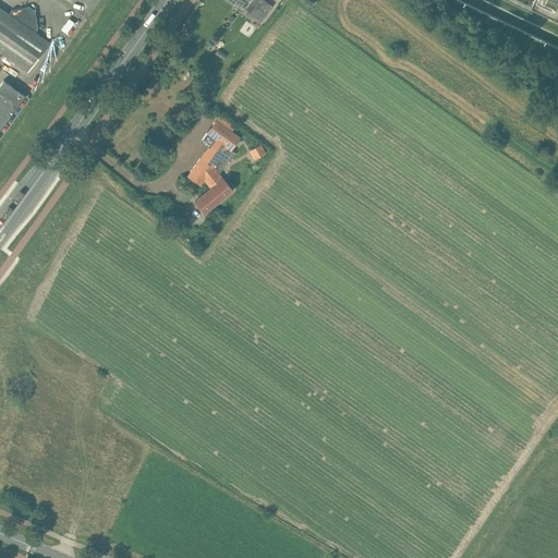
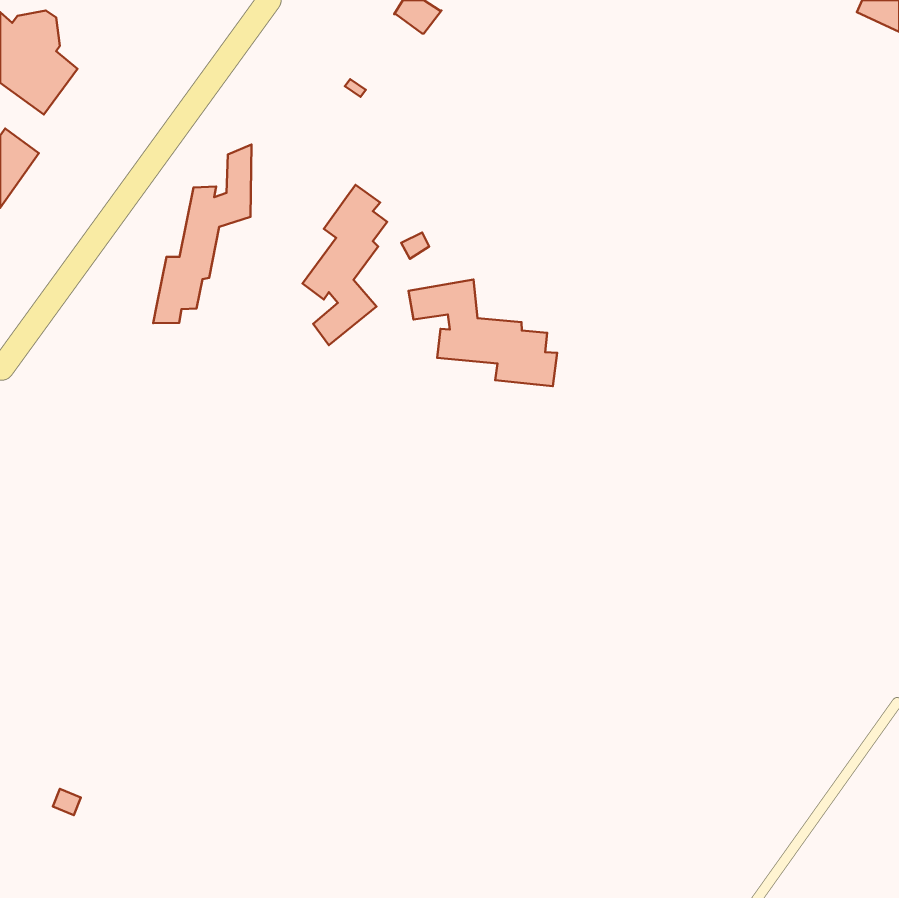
building: none -> [153,144,251,323]
building: none -> [409,280,557,386]

